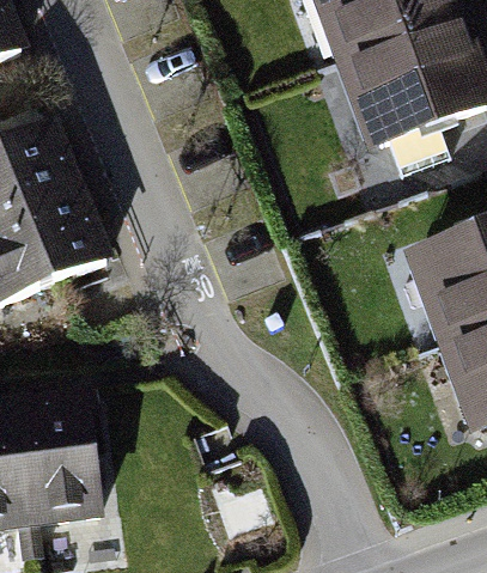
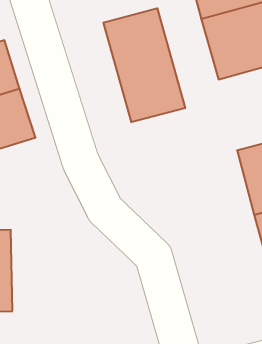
building: none -> [104,8,185,122]

